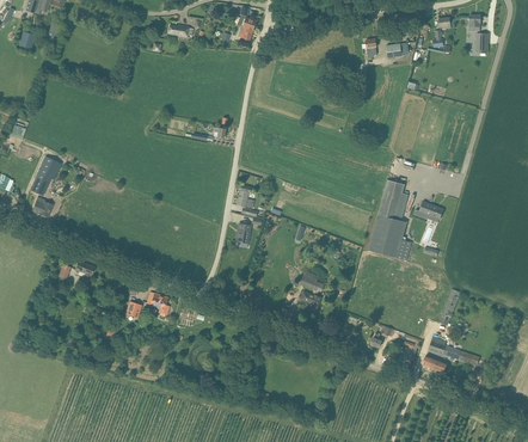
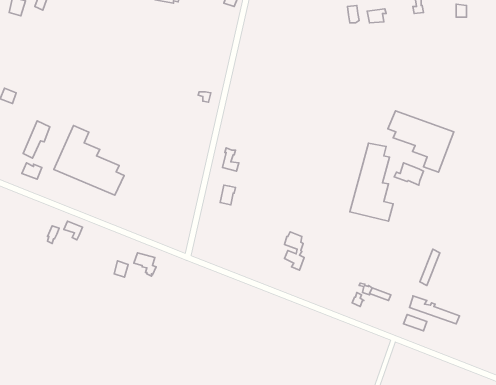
building: none -> [388,111,454,172]
building: none -> [54,126,124,195]

